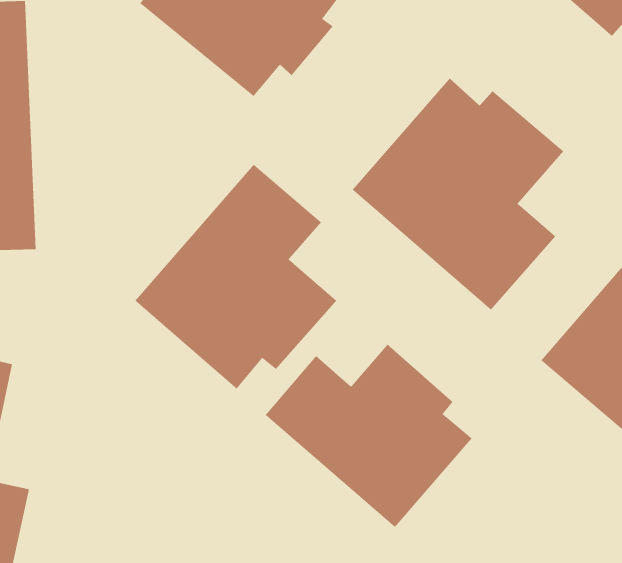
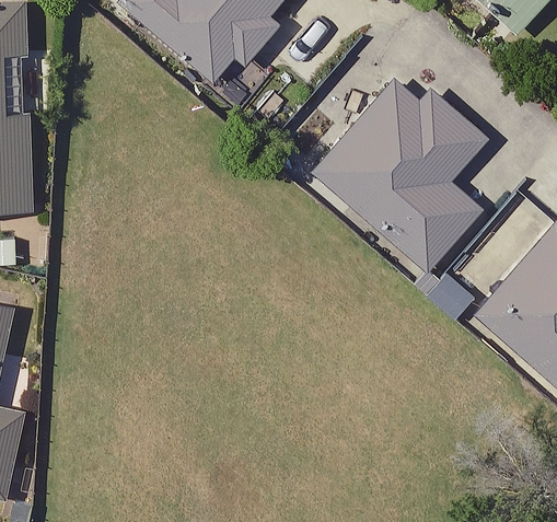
building: [134,164,337,389] -> none
building: [265,344,473,528] -> none

